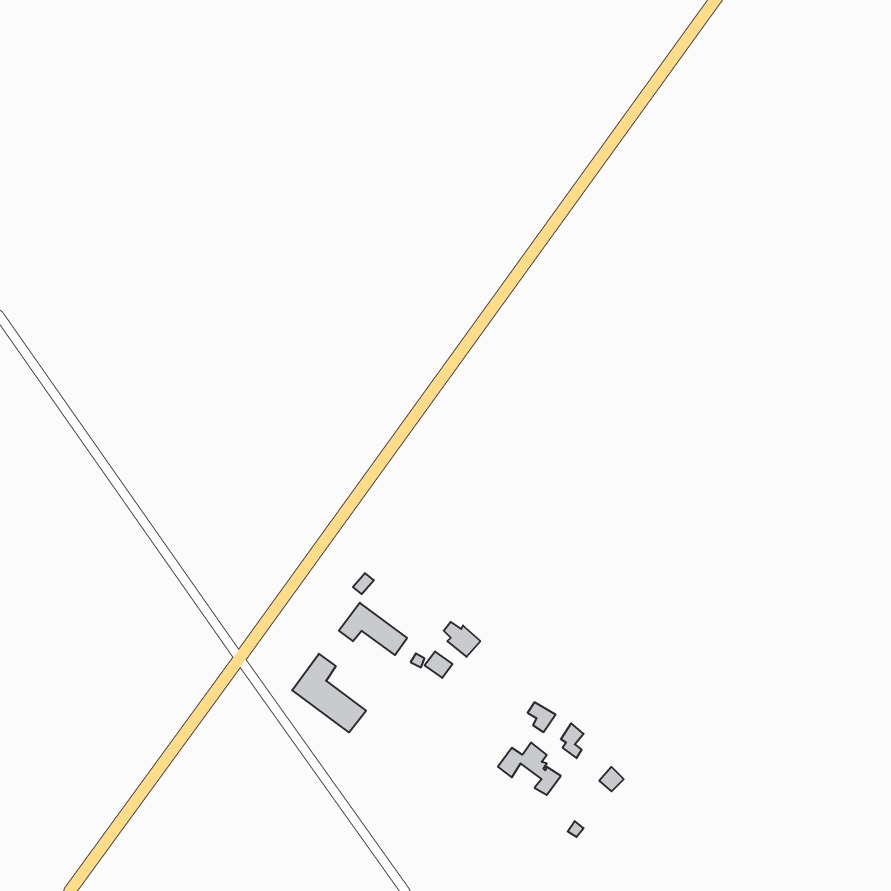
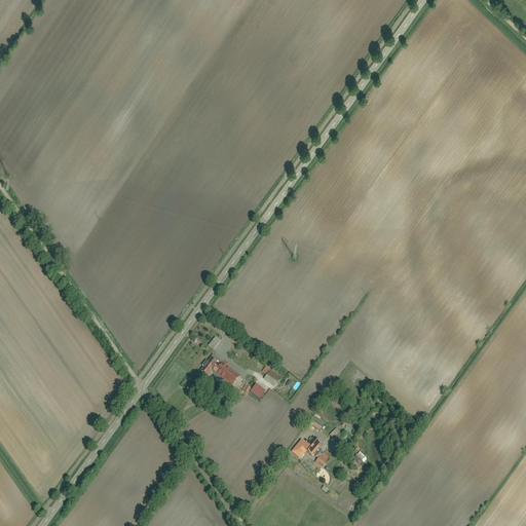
building: [292,654,366,732] -> none

